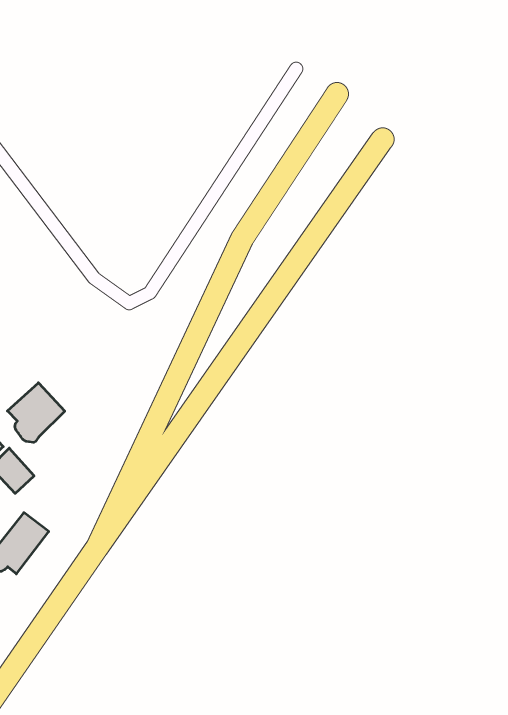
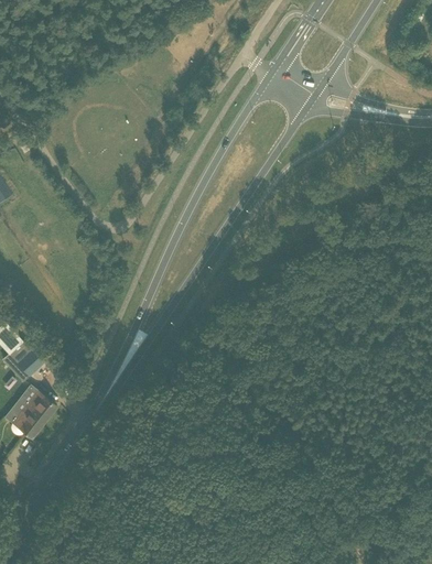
building: [7,383,65,442] -> none

